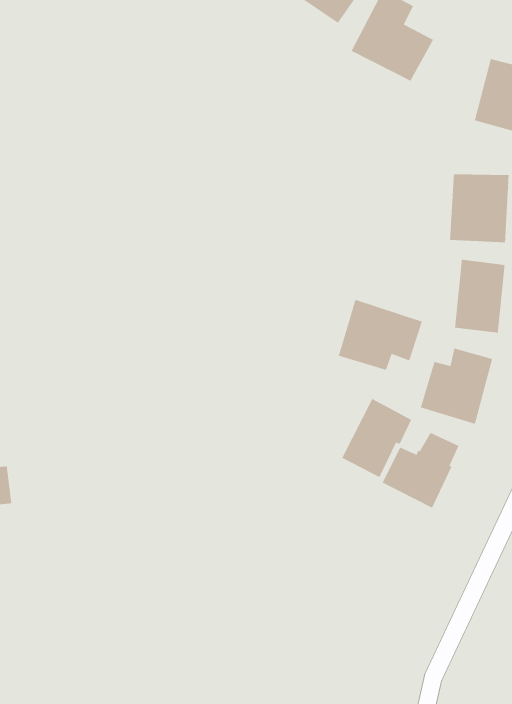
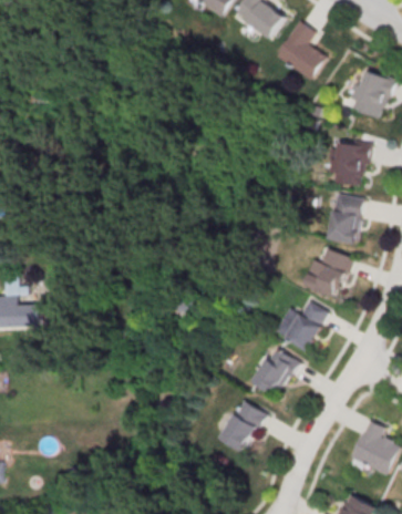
building: [338,299,423,371] -> none
building: [341,398,412,478] -> [250,345,297,395]
building: none -> [218,400,265,450]

